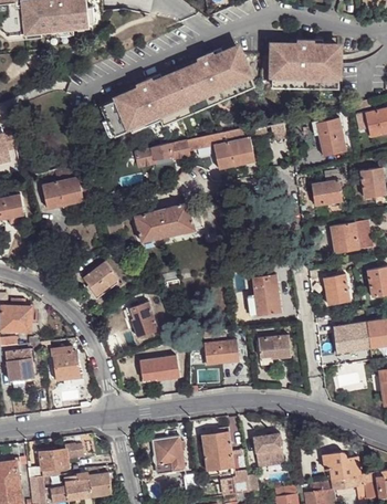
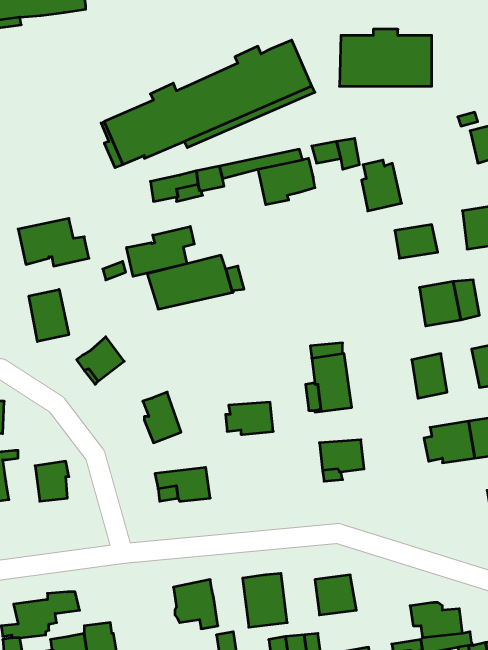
building: [317,119,346,156] -> [362,160,402,211]
building: none -> [127,226,194,276]
building: none -> [29,289,69,342]
building: [203,339,238,363] -> [226,402,273,434]

